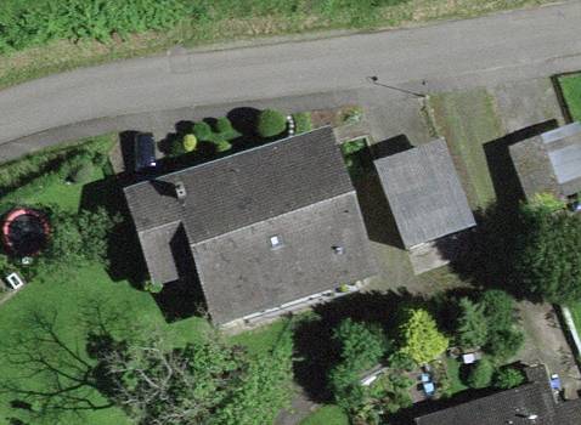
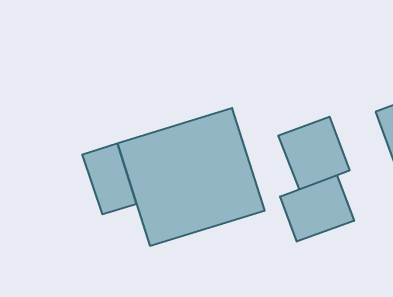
building: none -> [280,175,354,242]

